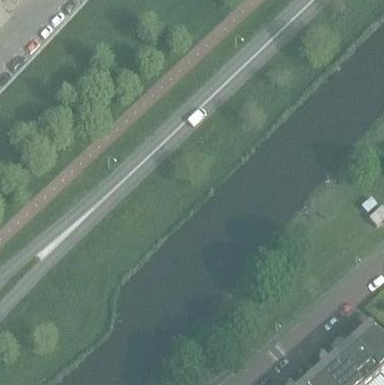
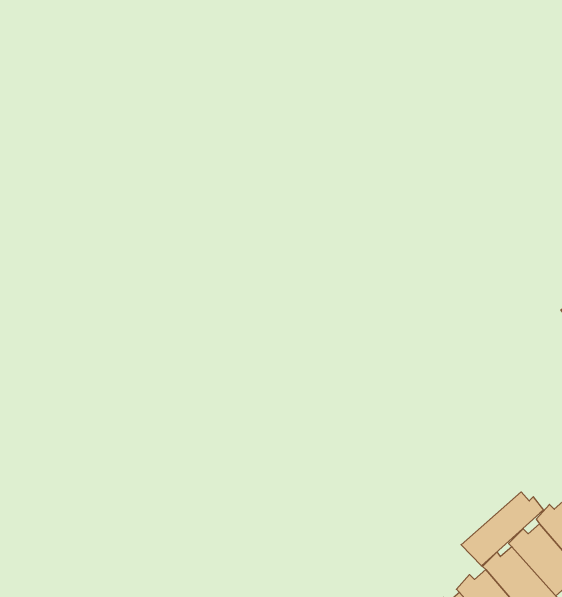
building: none -> [461,492,543,566]

